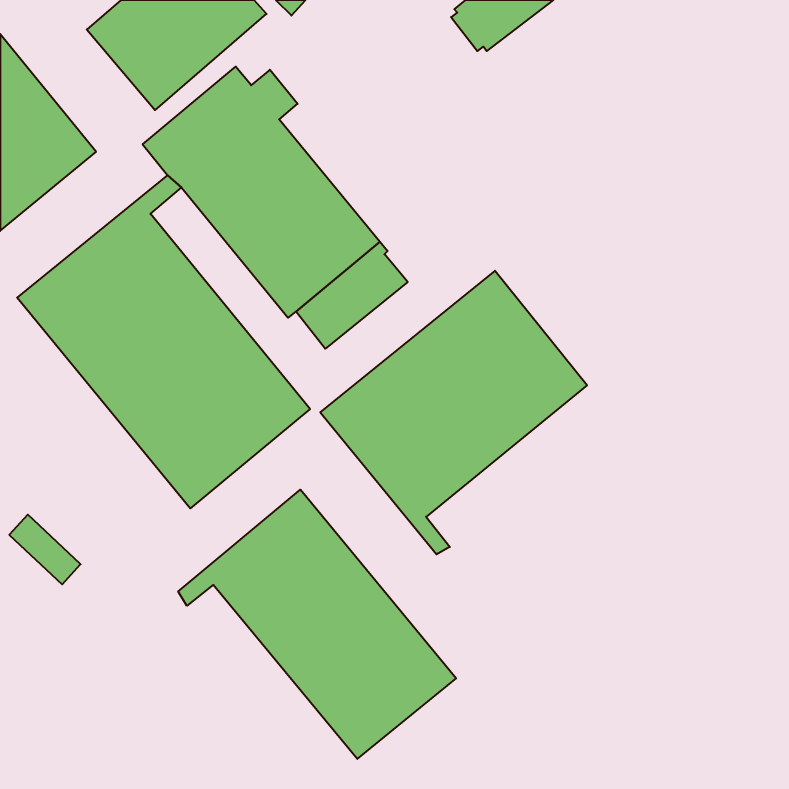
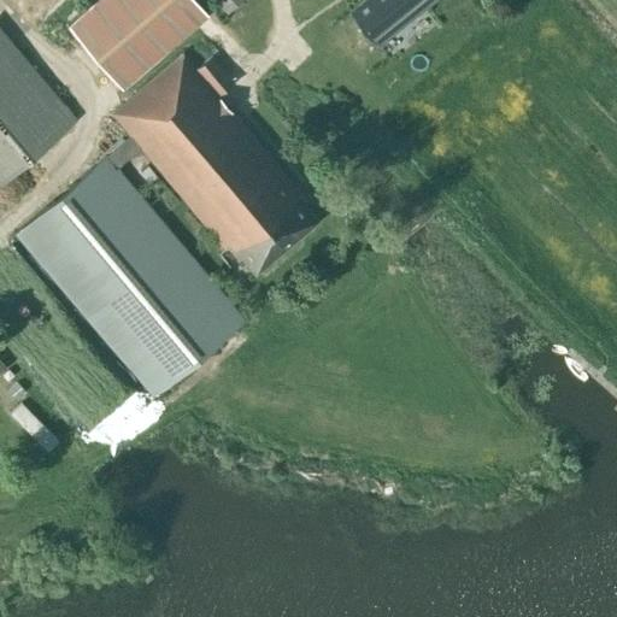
building: [320,271,587,554] -> none
building: [178,490,456,759] -> none

